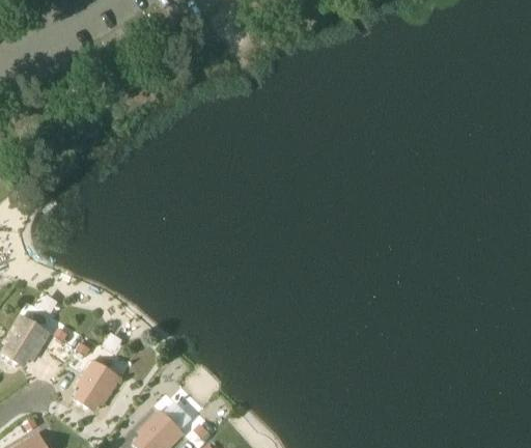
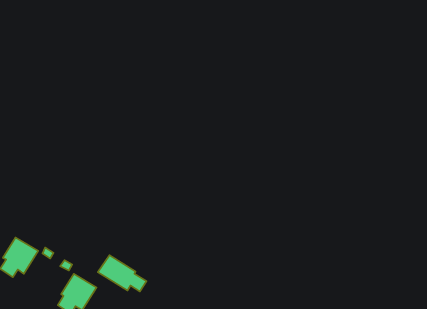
building: none -> [98,255,146,292]

